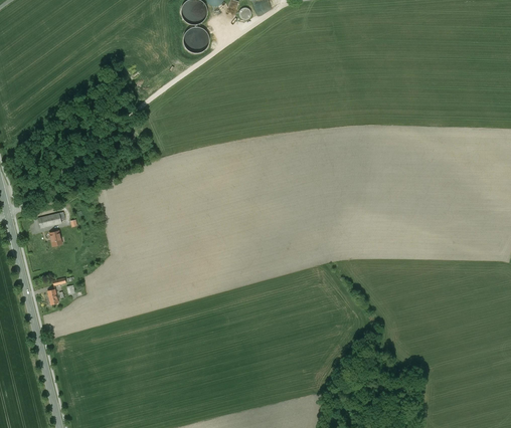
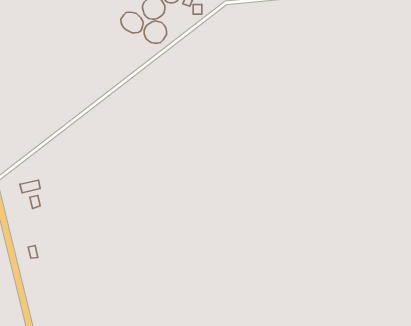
building: none -> [121,12,143,33]

